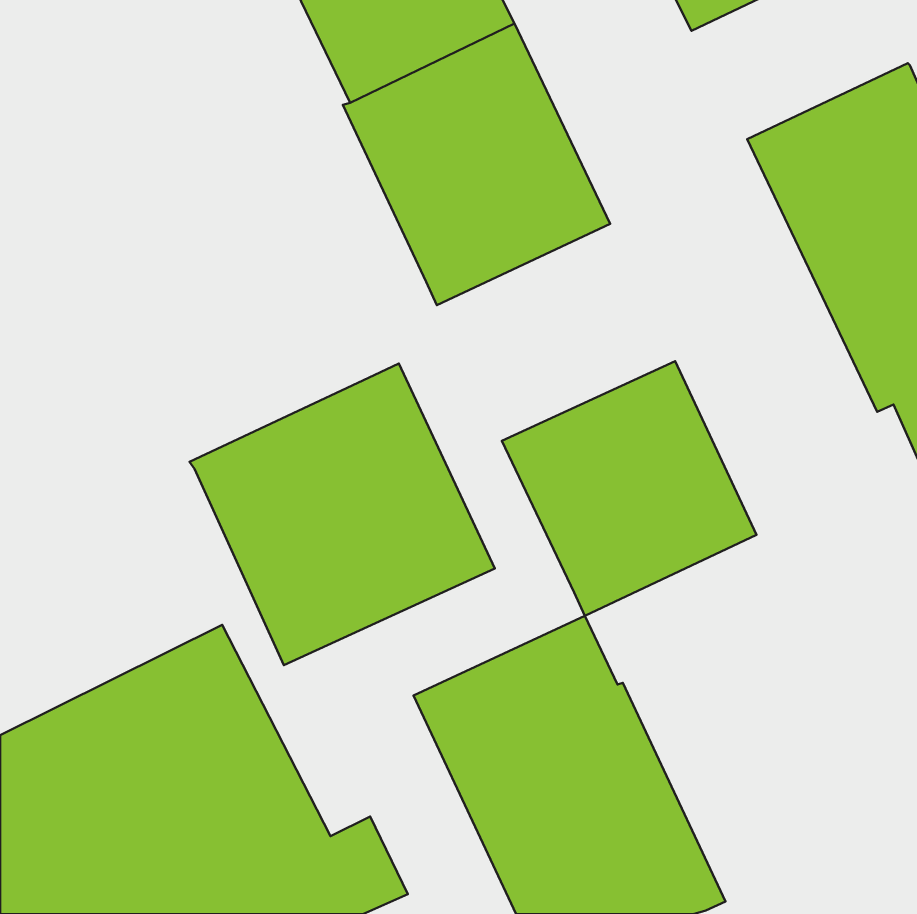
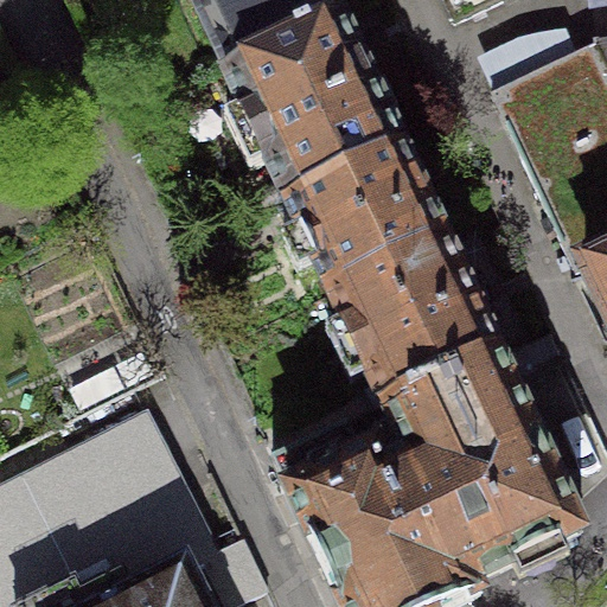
building: none -> [290,147,447,289]
building: [189,364,495,665] -> none
building: none -> [388,351,584,592]

